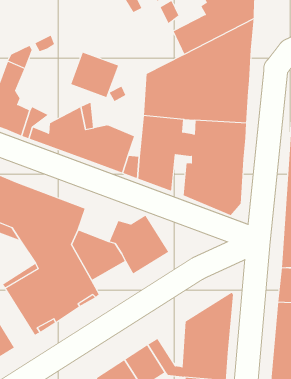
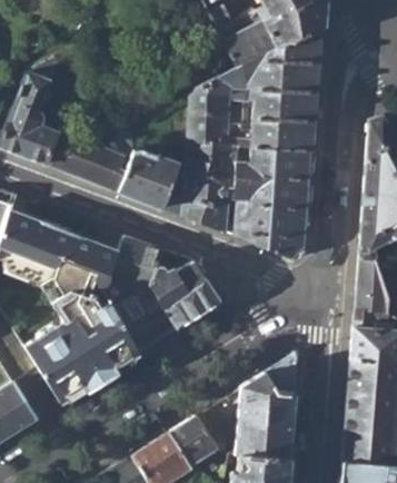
building: [70,52,119,98] -> none
building: none -> [111,235,163,292]

